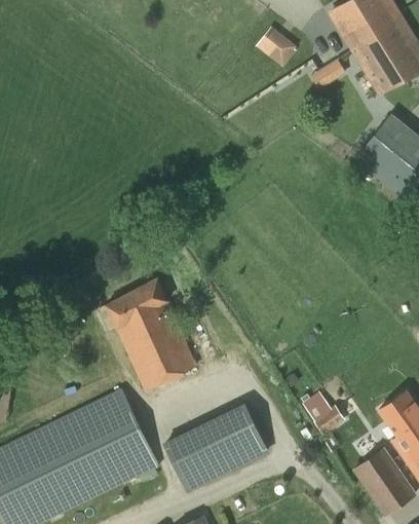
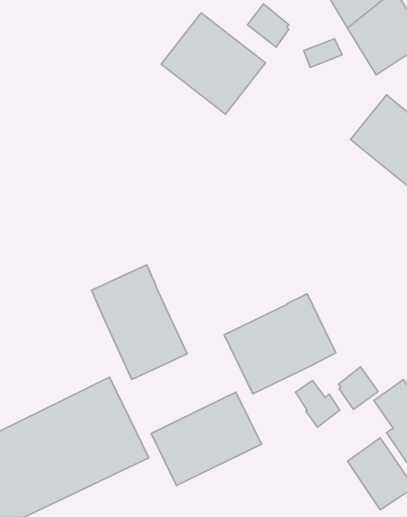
building: none -> [161,13,266,114]
building: none -> [224,294,336,394]
building: none -> [339,367,378,410]

